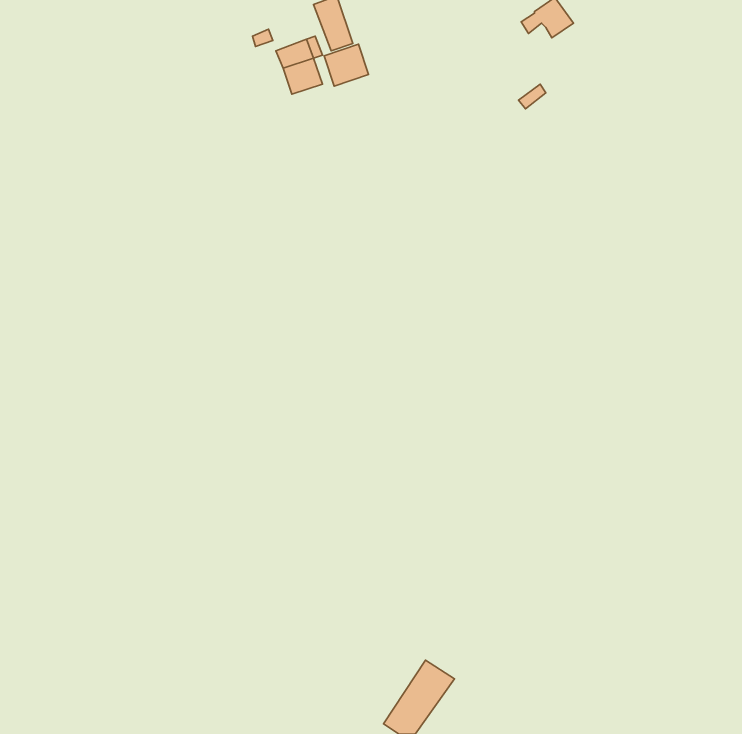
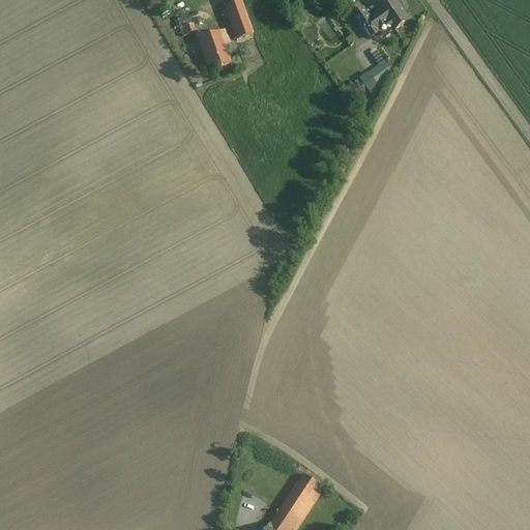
building: none -> [353,5,389,35]
building: [324,44,369,86] -> none

